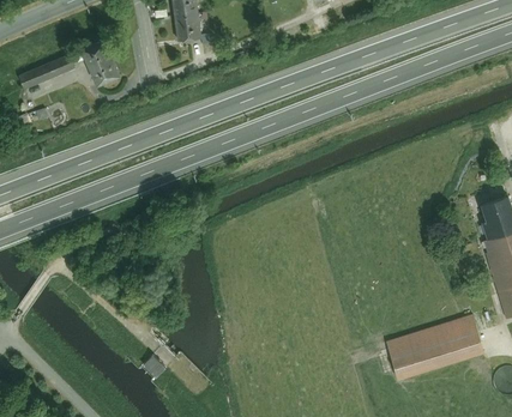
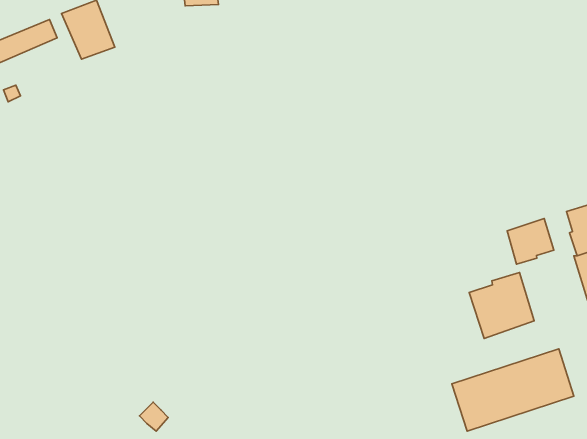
building: none -> [507,219,554,264]
building: none -> [469,273,534,338]

